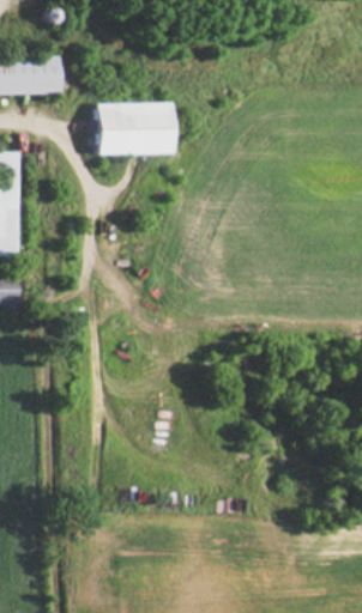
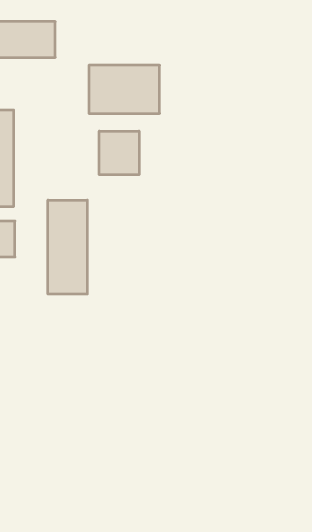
building: none -> [99,131,139,175]
building: none -> [48,200,87,294]

